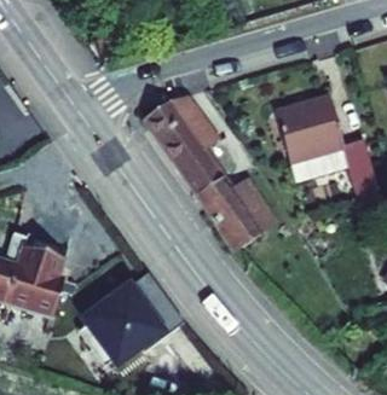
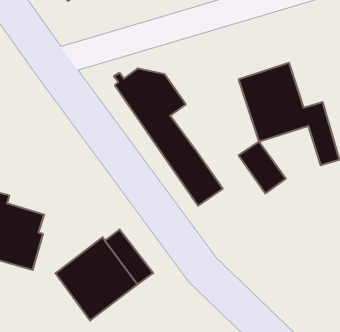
building: [229,174,279,230] -> [239,142,286,193]

